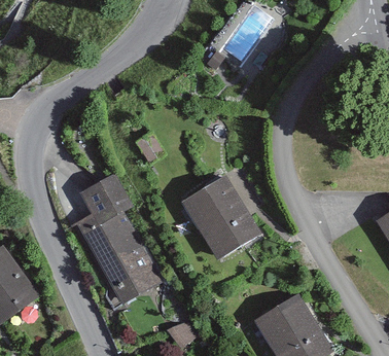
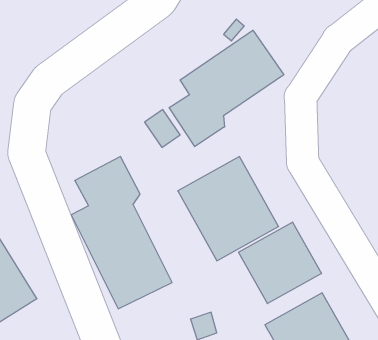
building: none -> [169,30,284,147]
building: none -> [239,222,321,304]

